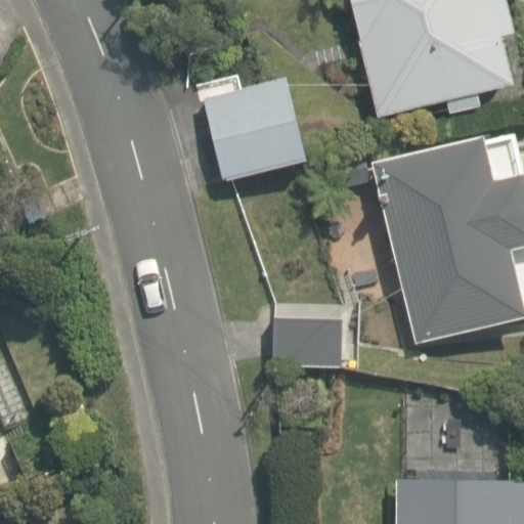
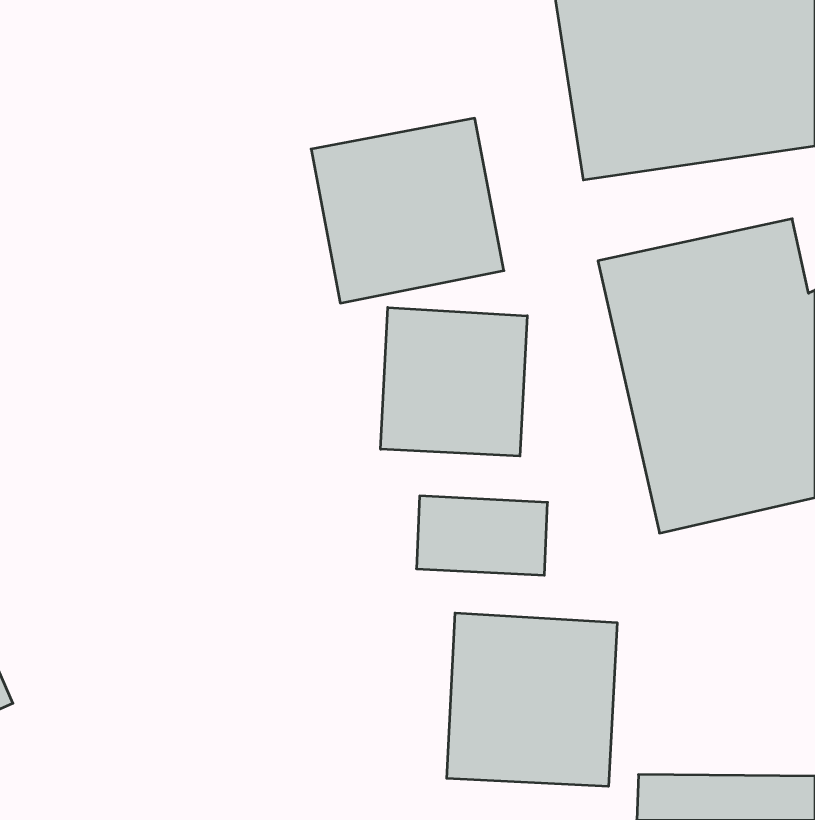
building: none -> [381,307,527,456]
building: none -> [447,613,617,786]

